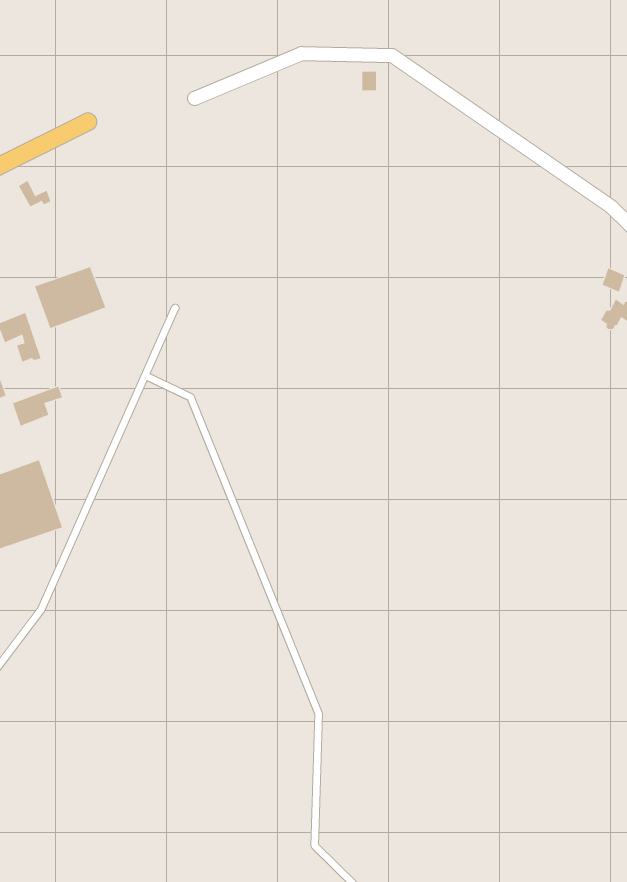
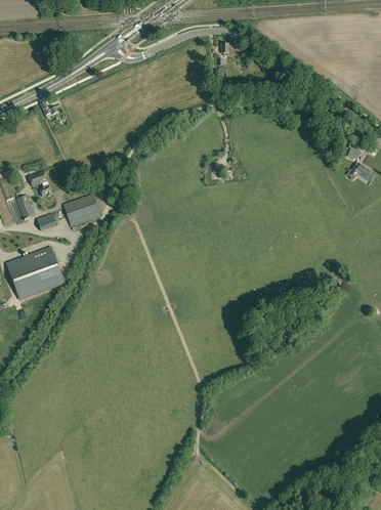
building: [34,267,106,329] -> [64,194,101,226]

